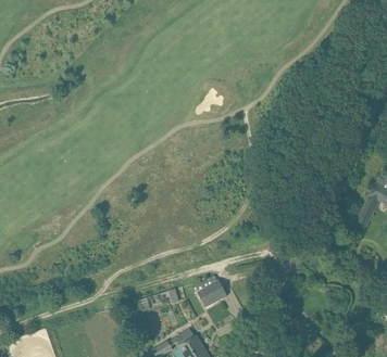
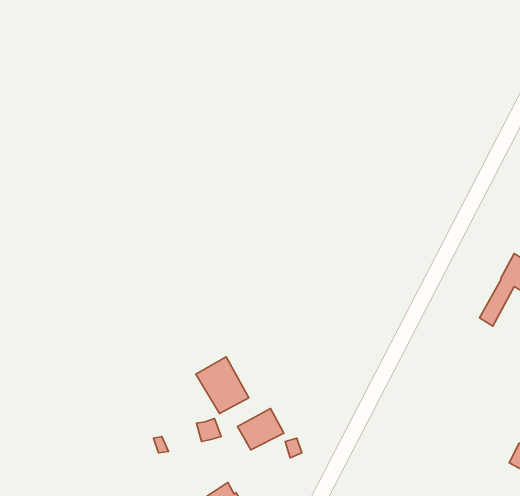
building: none -> [196,357,249,413]

